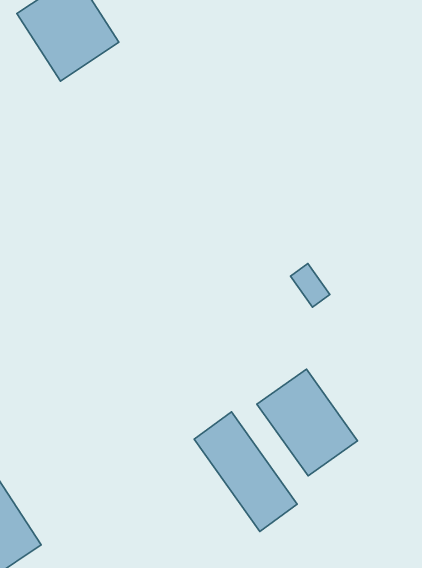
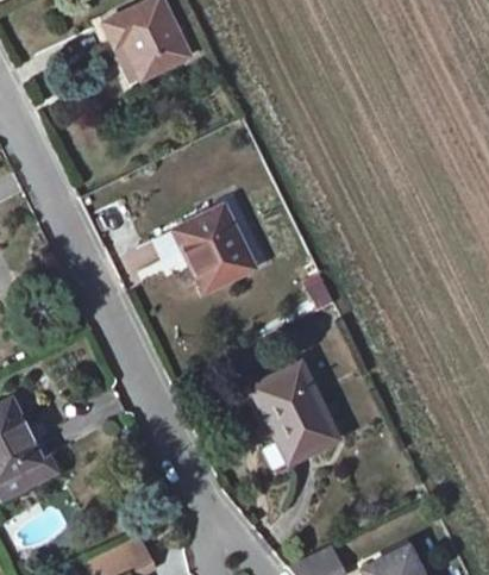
building: none -> [180,204,256,287]
building: [194,412,297,532] -> none

